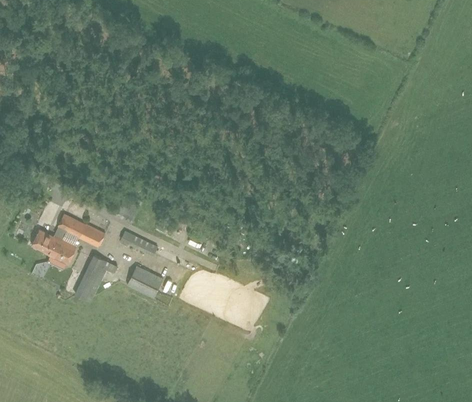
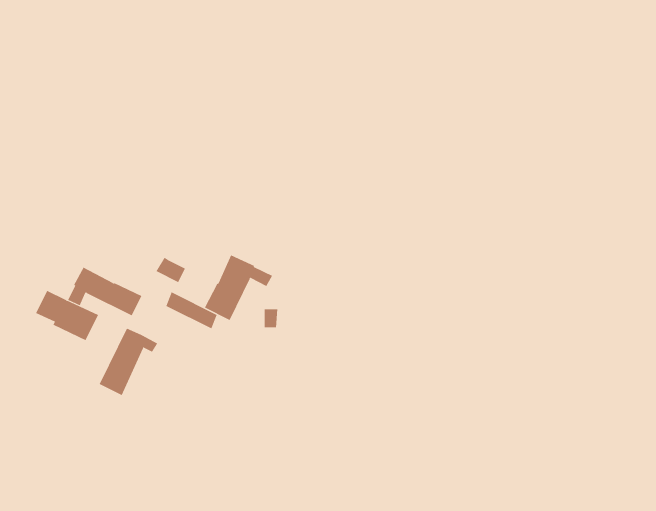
building: none -> [204,254,273,321]
building: [127,265,162,296] -> none

